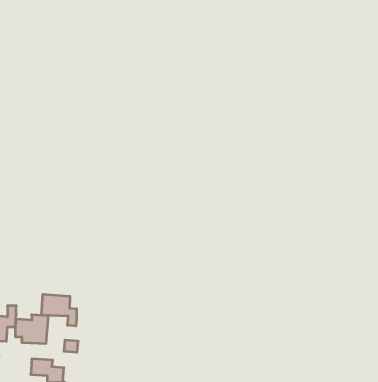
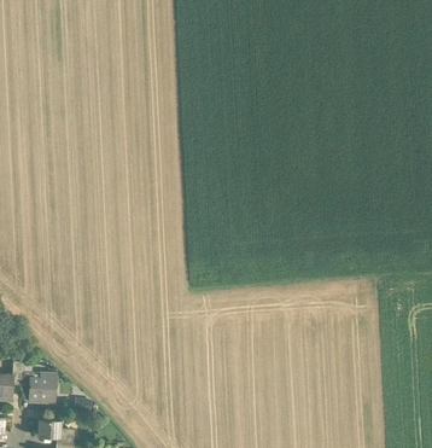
building: [42,294,77,326] -> none

